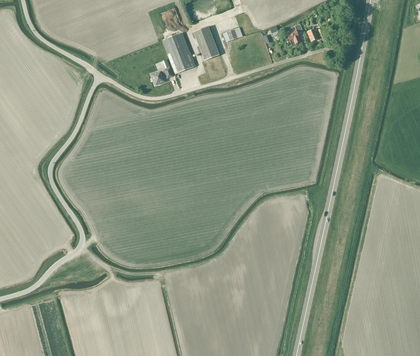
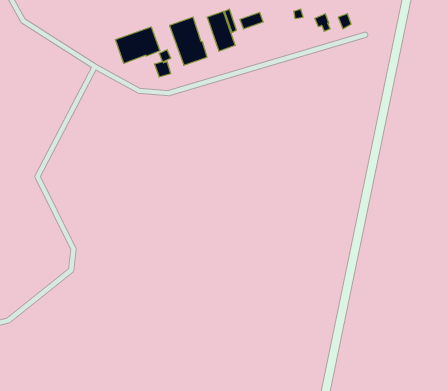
building: none -> [115,27,160,63]

